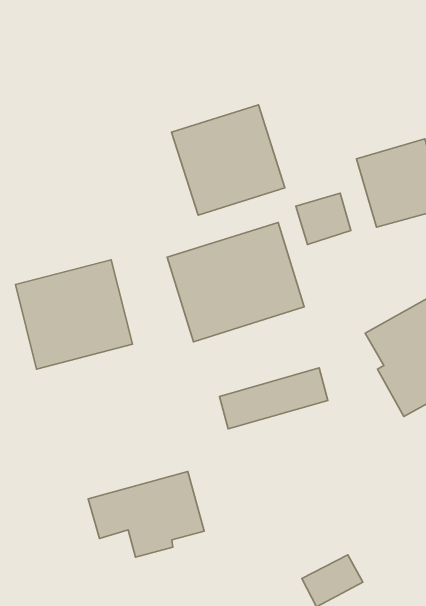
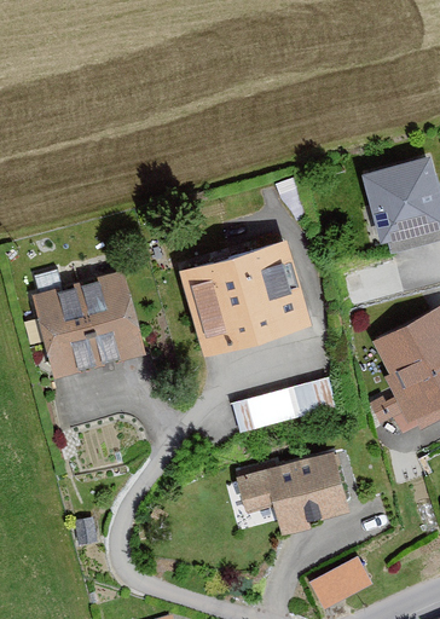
building: [172,105,285,215] -> none
building: [296,193,351,244] -> none
building: [88,471,204,557] -> [235,451,347,534]

